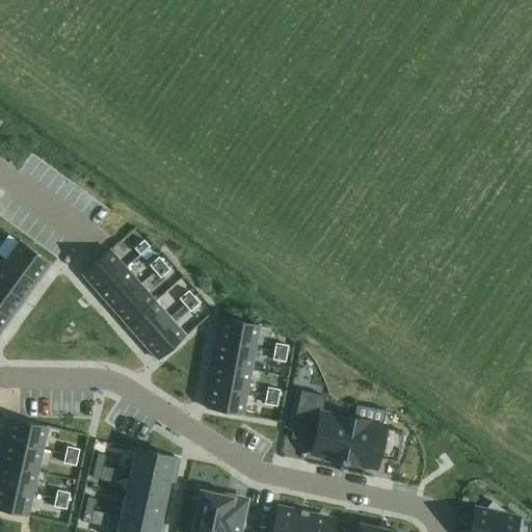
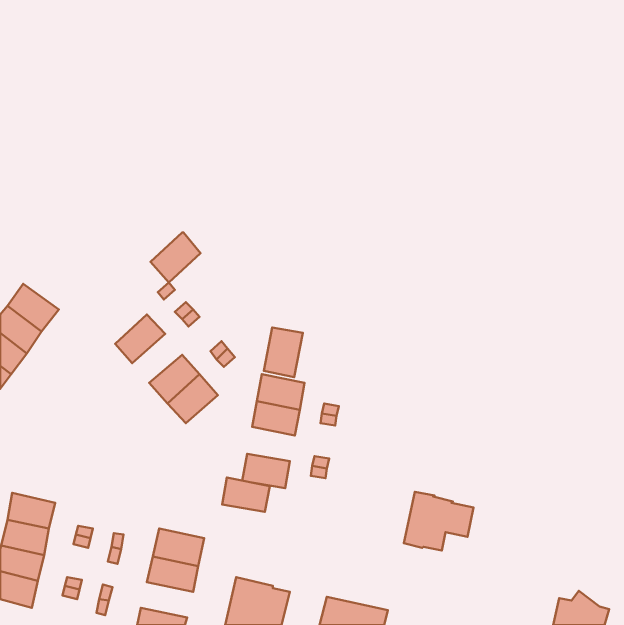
building: [83,249,126,292] -> [150,232,201,283]
building: none -> [264,327,303,377]
building: [113,284,156,325] -> none
building: [211,363,251,392] -> [222,478,270,512]
building: [292,407,353,461] -> none
building: [121,495,165,525] -> none

